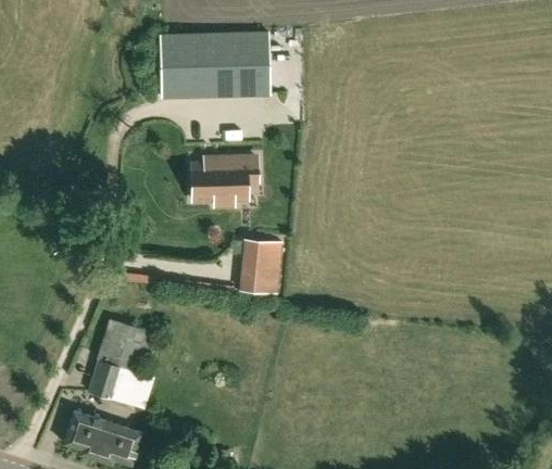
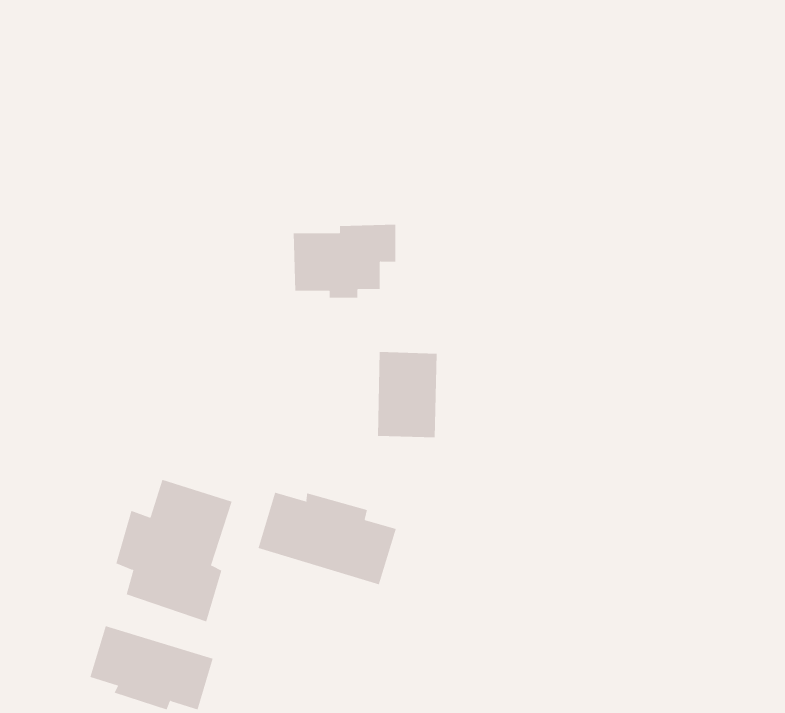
building: [159,31,269,97] -> none
building: none -> [258,492,396,585]

